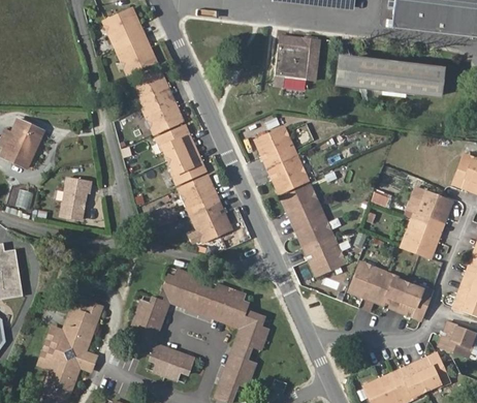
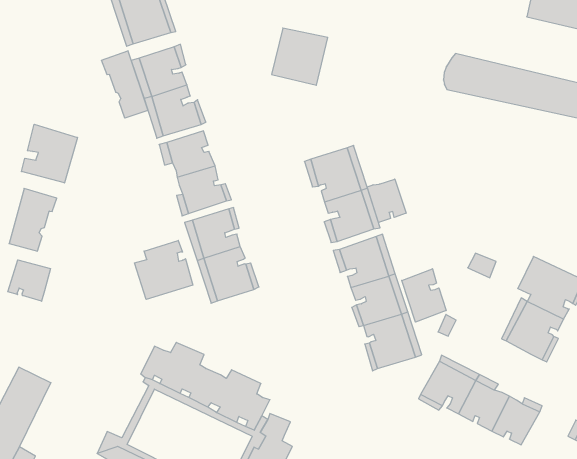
building: [277,41,312,78] -> [272,28,328,85]
building: none -> [102,51,148,118]
building: none -> [21,124,77,183]
building: none -> [367,179,406,222]
building: none -> [135,240,193,299]
building: none -> [402,269,446,322]
building: none -> [8,260,50,301]
building: [132,297,165,339] -> none

